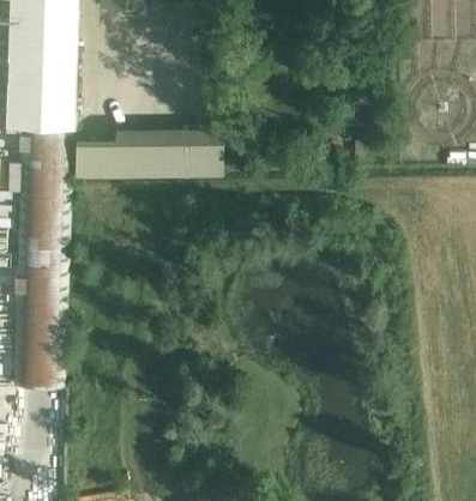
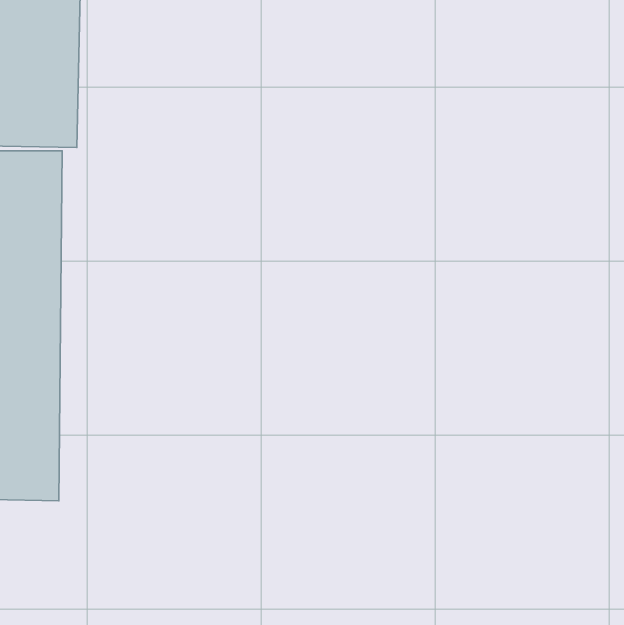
building: [71,134,221,176] -> none

